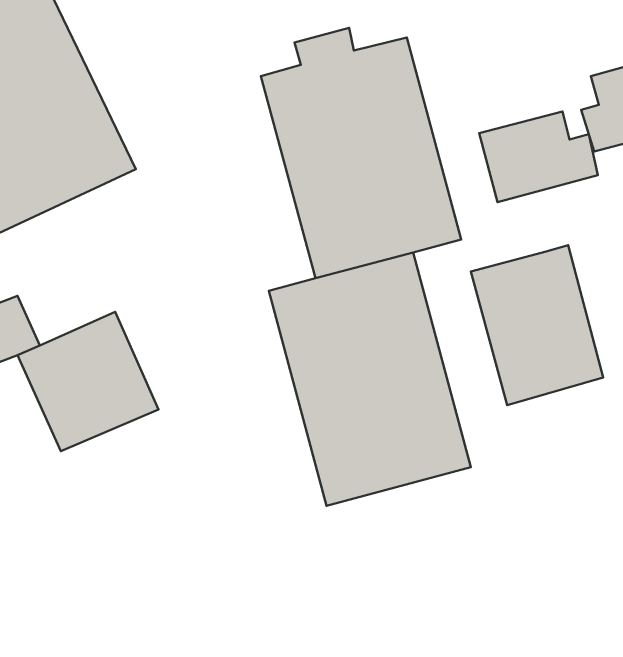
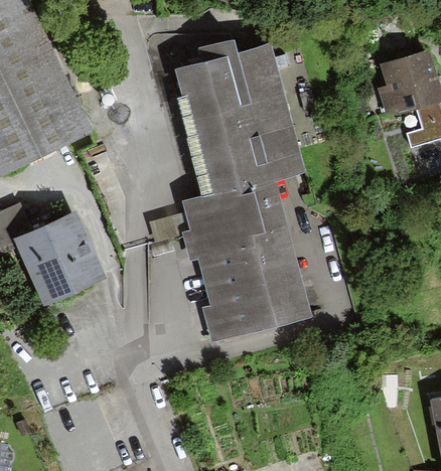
building: [479,112,598,202] -> none
building: [471,245,603,405] -> none

